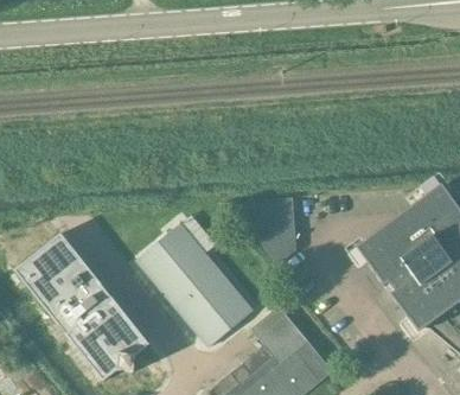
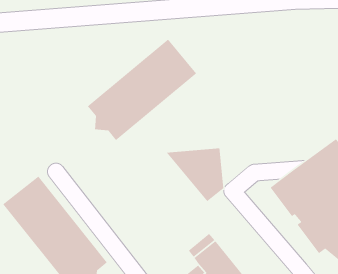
building: none -> [87,39,197,141]
building: [139,222,255,346] -> none

